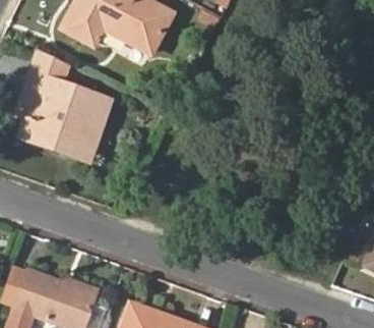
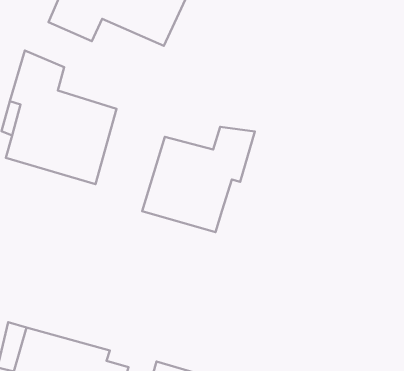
building: none -> [142,127,255,232]

